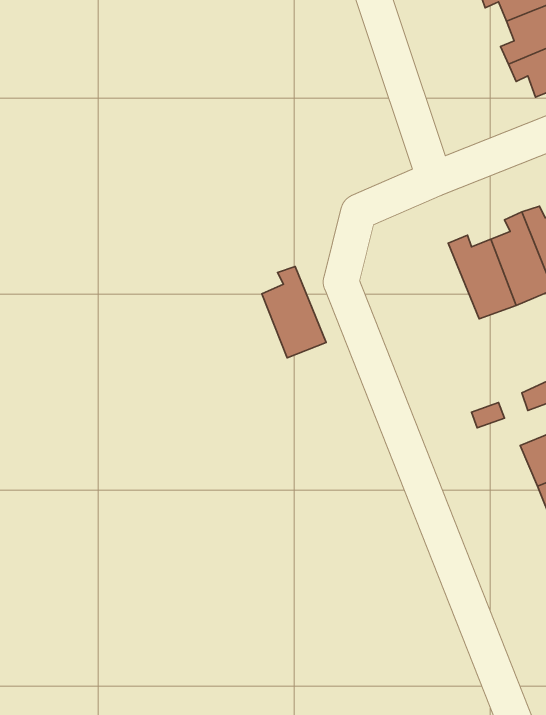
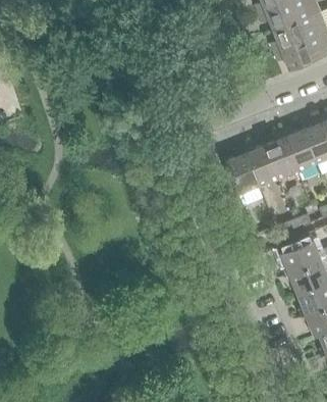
building: [262,266,326,358] -> [224,146,258,194]

